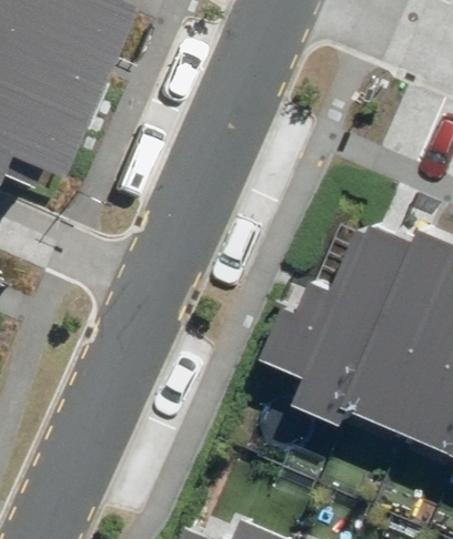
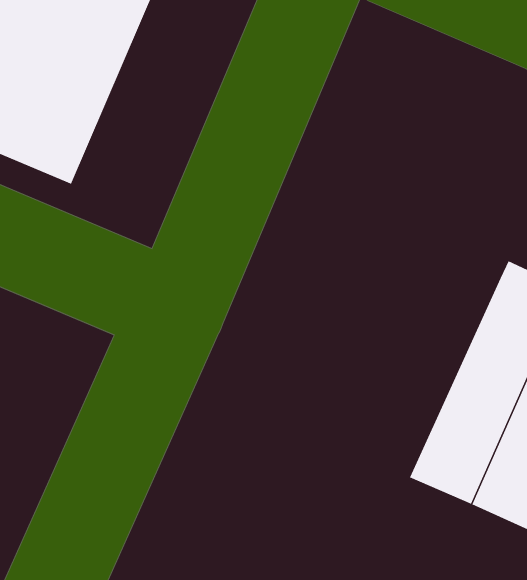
building: [261,223,420,426] -> none

